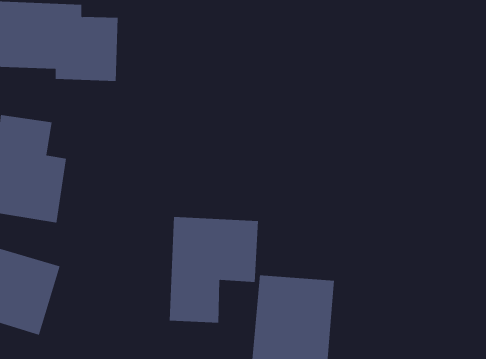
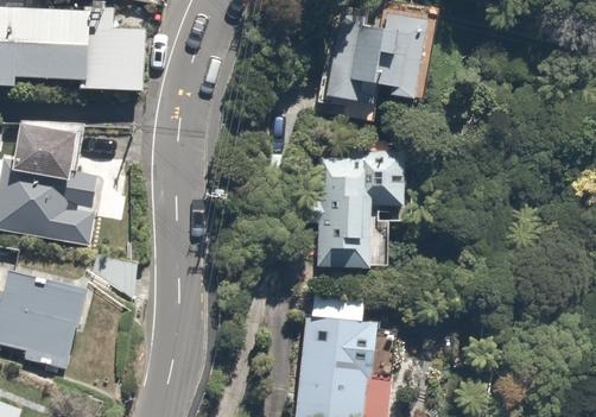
building: none -> [319,26,407,103]
building: [169,217,259,323] -> [318,150,416,265]

